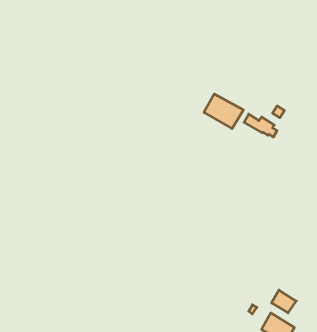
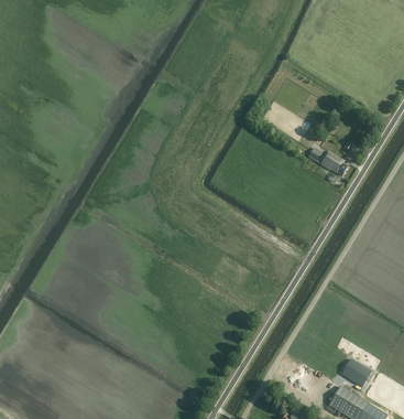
building: [204,94,243,129] -> none

